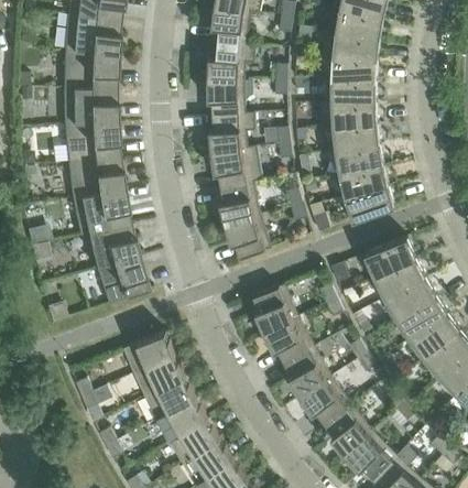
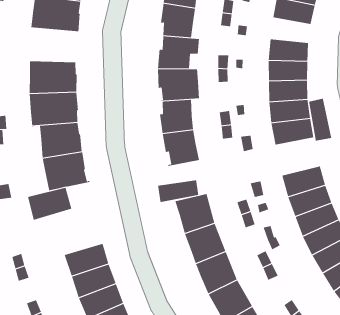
building: [331,78,376,102] -> none
building: [63,122,119,162] -> none
building: none -> [309,98,332,141]
building: none -> [157,180,199,203]
building: [123,332,175,373] -> [27,187,72,220]

